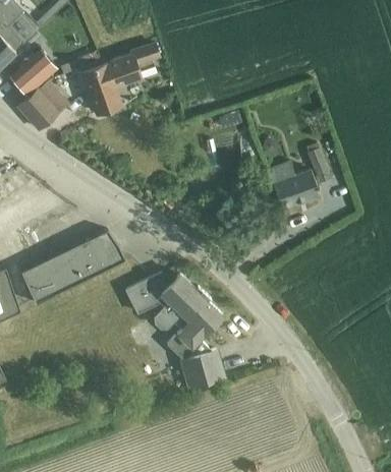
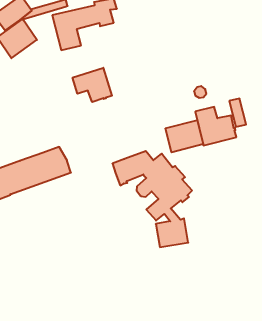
building: none -> [73,68,112,102]
building: none -> [166,120,203,152]
building: [121,273,223,387] -> [112,151,192,247]

